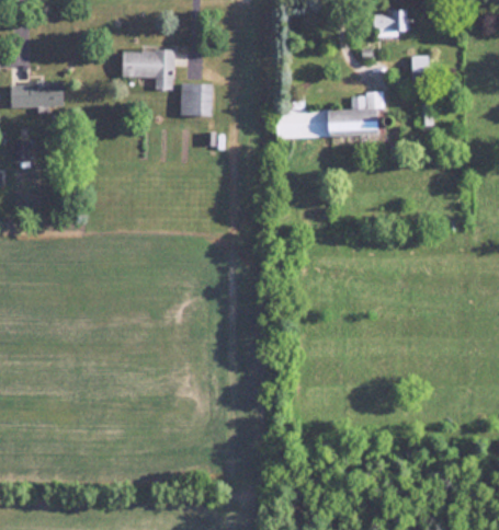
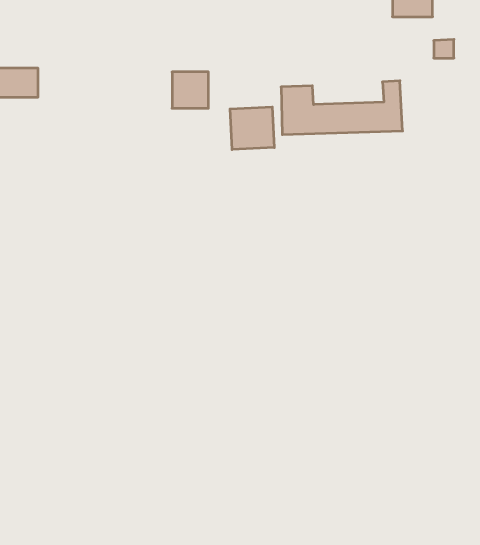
building: [123,50,174,90] -> none
building: none -> [230,107,274,150]

